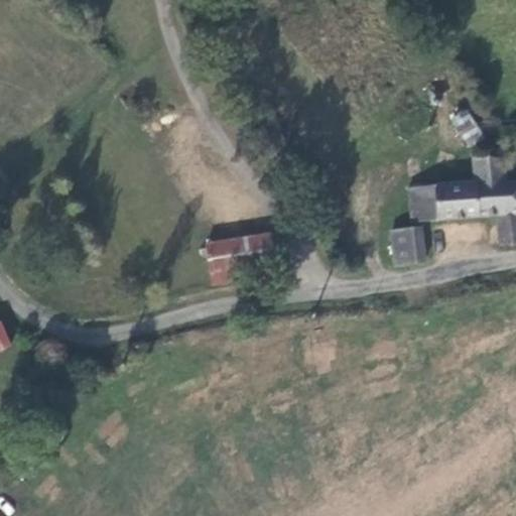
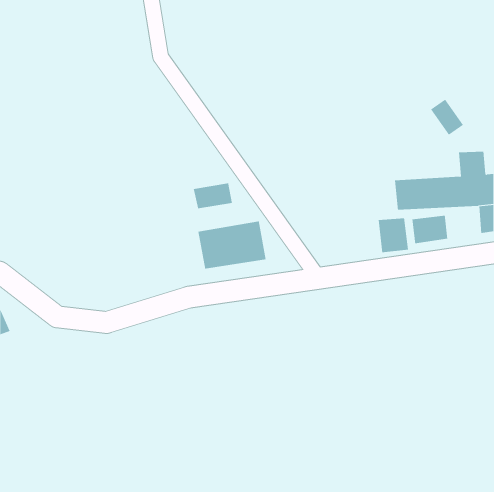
building: none -> [193,182,232,209]
building: none -> [412,215,448,244]

